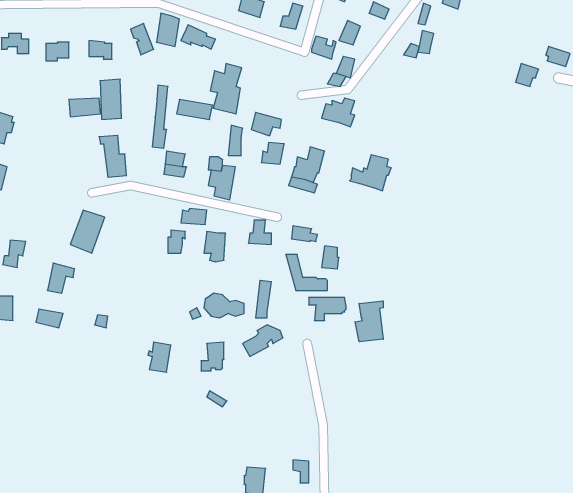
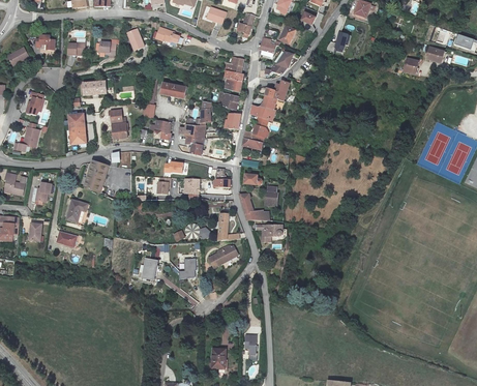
building: [210,64,242,114] -> [221,57,244,93]
building: [100,79,122,119] -> [72,113,88,142]
building: [350,155,391,191] -> [250,96,280,122]
building: [355,301,383,342] -> none

